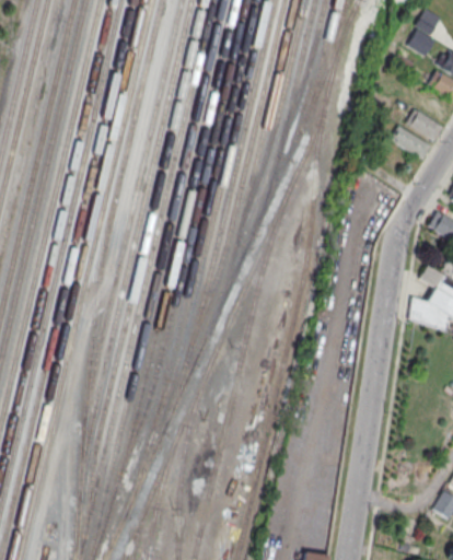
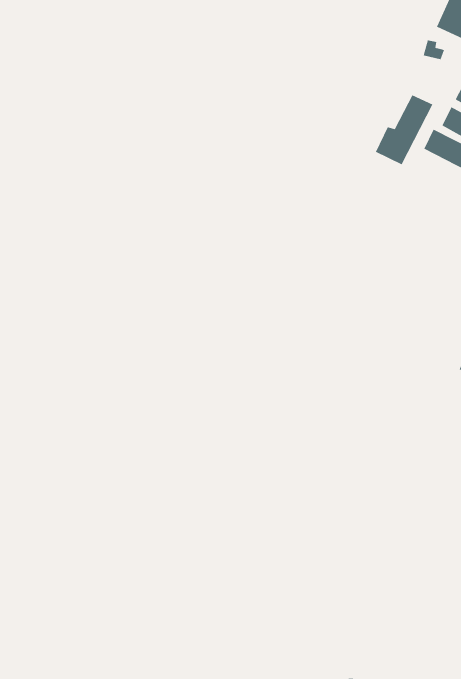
building: none -> [375,94,433,165]

